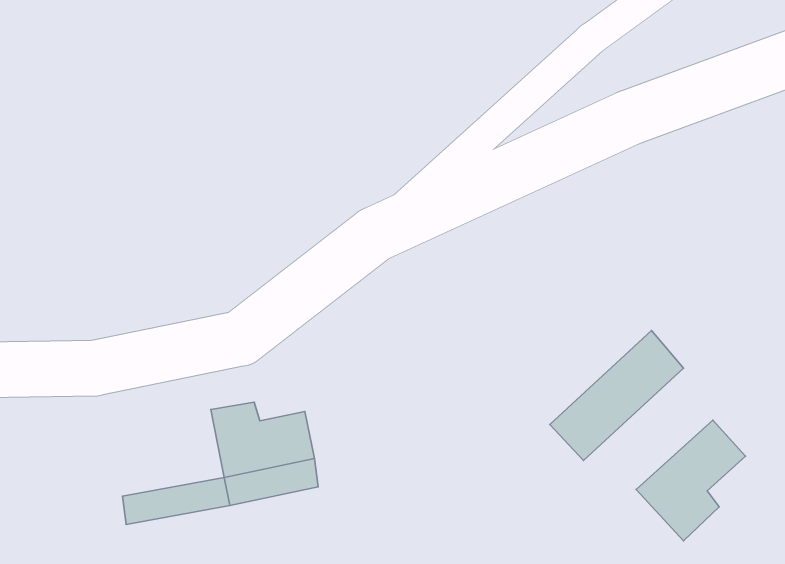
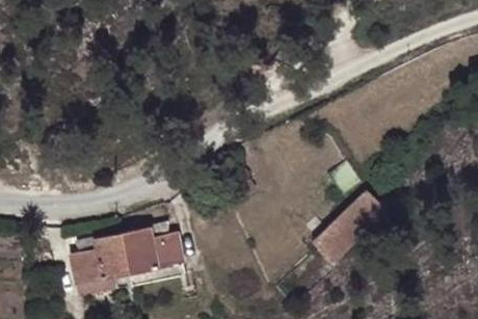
building: none -> [72,232,132,280]
building: [636,420,746,541] -> none

